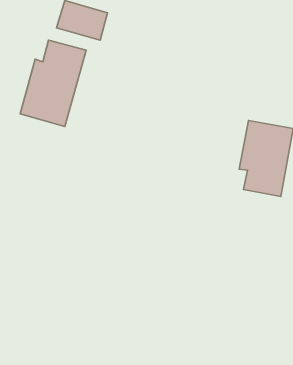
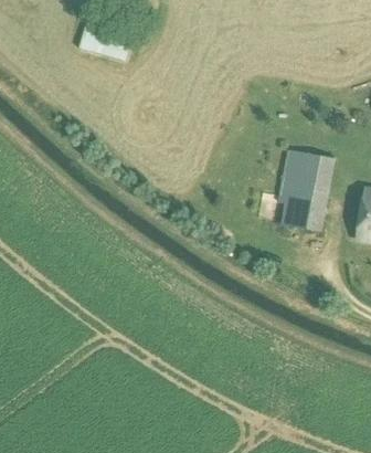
building: [20,40,86,126] -> none

